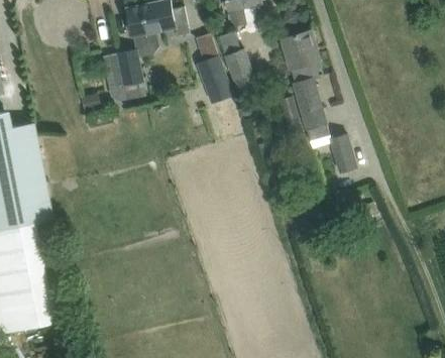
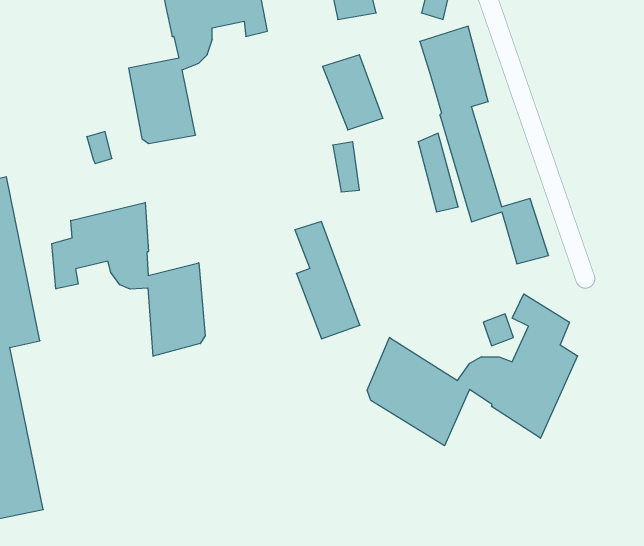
building: [194,32,233,103] -> [295,222,360,339]
building: none -> [52,202,205,356]
building: none -> [367,294,578,446]

